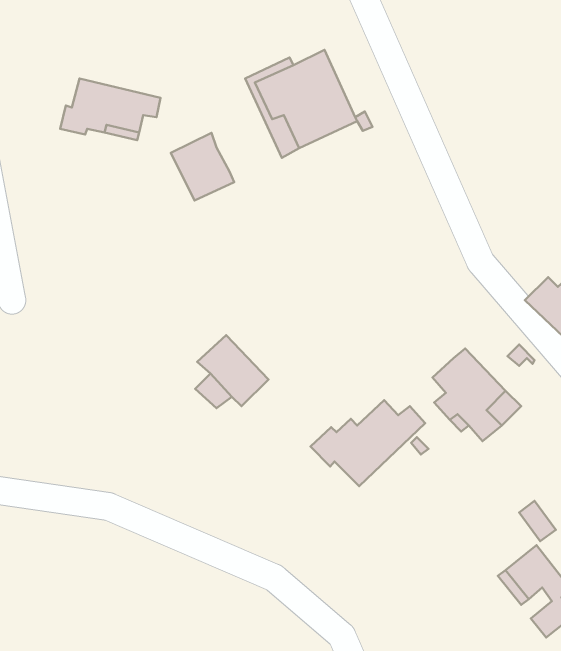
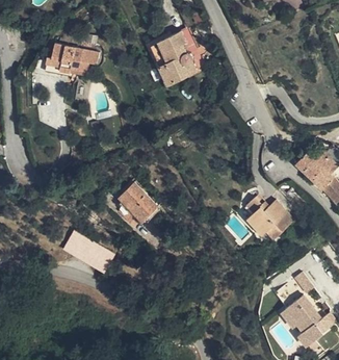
building: [171,133,234,200] -> none
building: [311,400,425,486] -> none
building: none -> [63,231,114,273]

